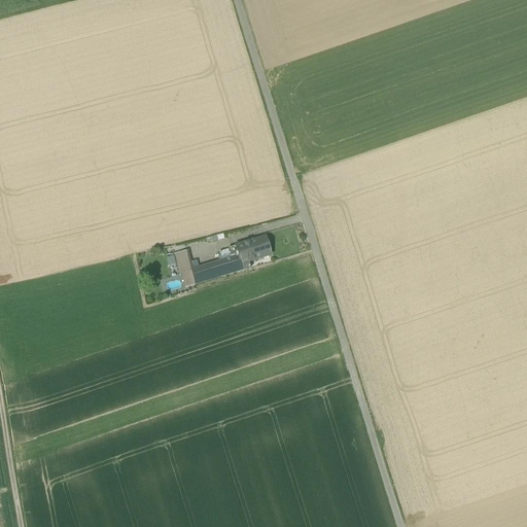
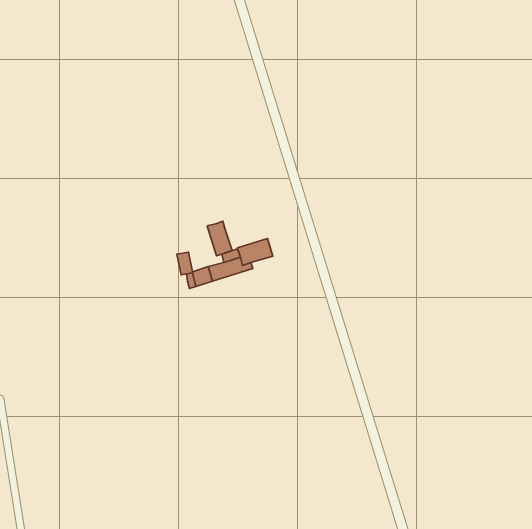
building: none -> [207,221,232,256]

